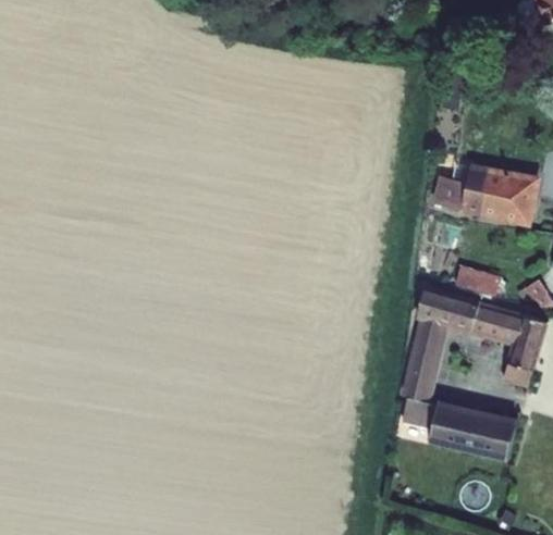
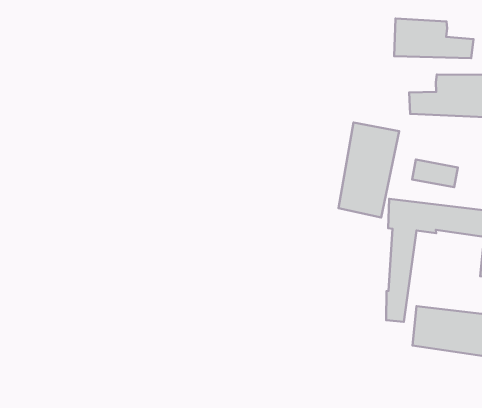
building: none -> [394,19,474,58]
building: none -> [339,123,399,218]

